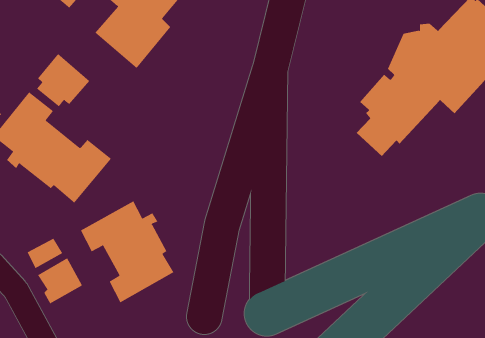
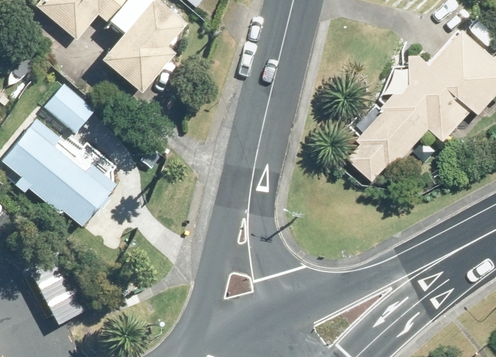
building: [80,200,174,303] -> none

